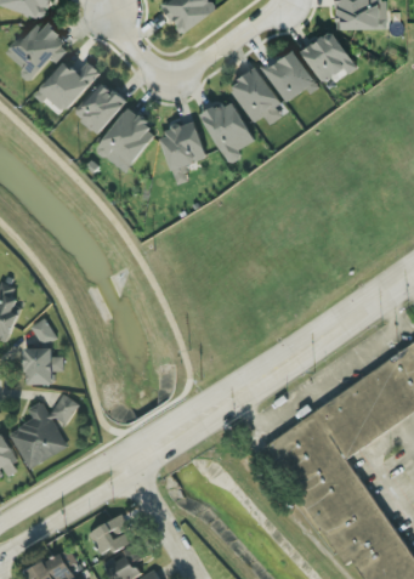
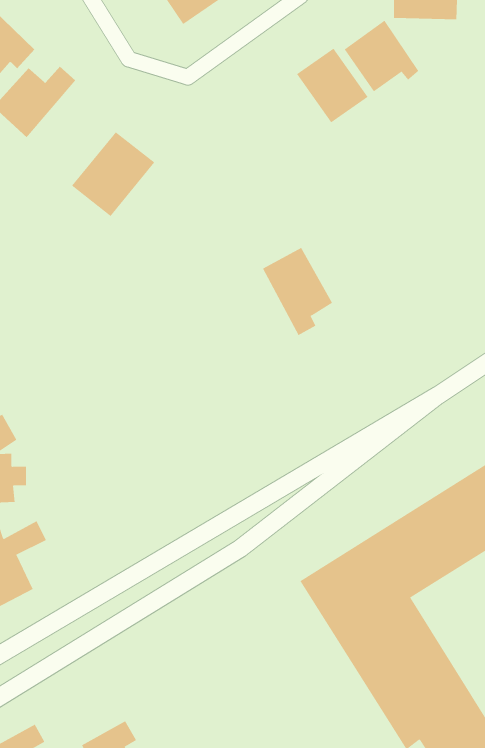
building: [229,69,287,125] -> none
building: [73,80,126,135] -> none
building: [202,100,254,165] -> [262,247,333,336]
building: [159,121,206,185] -> none
building: [89,517,132,556] -> none

